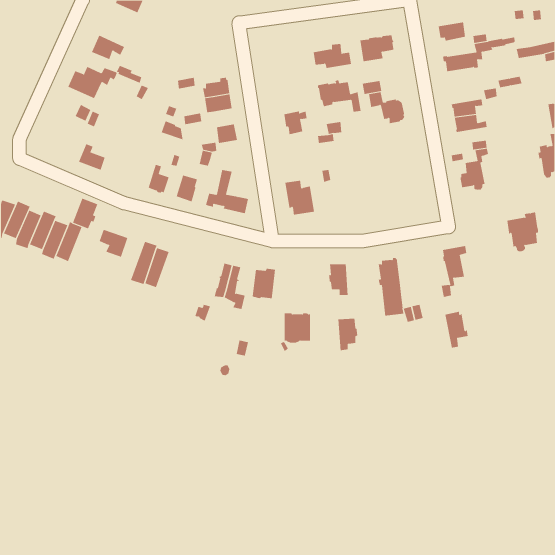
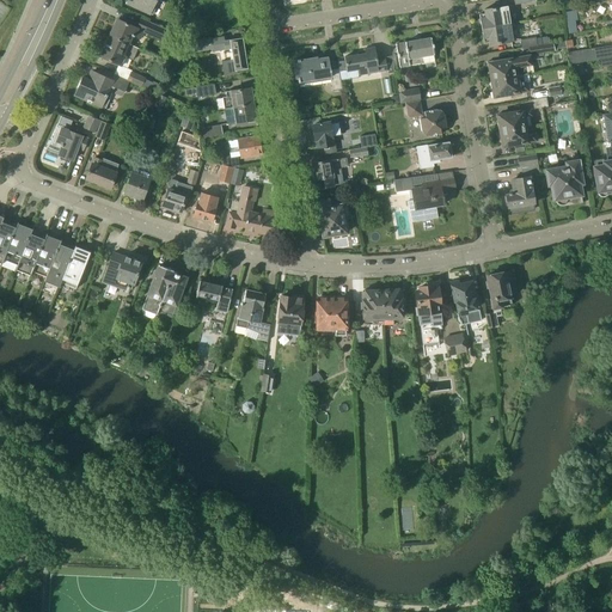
building: none -> [479,6,510,29]
building: none -> [109,18,170,51]
building: none -> [192,37,247,75]
building: none -> [491,74,527,98]
building: [317,80,362,112] -> [293,55,342,91]
building: none -> [47,130,87,160]
building: none -> [416,141,452,169]
building: none -> [312,158,347,189]
building: none -> [408,172,455,222]
building: [72,198,98,229] -> [124,165,153,200]
building: [506,212,539,252] -> [546,160,582,204]
building: none -> [195,281,232,312]
building: [445,311,469,348] -> [452,280,478,320]
building: [284,313,311,343] -> [317,298,347,331]
building: [338,318,358,351] -> [381,289,404,325]

